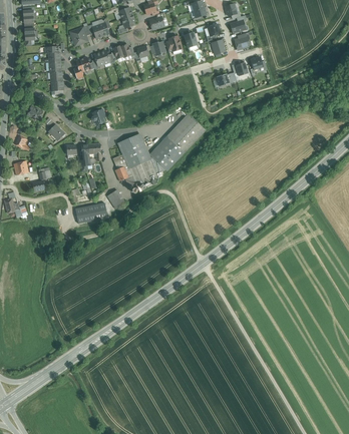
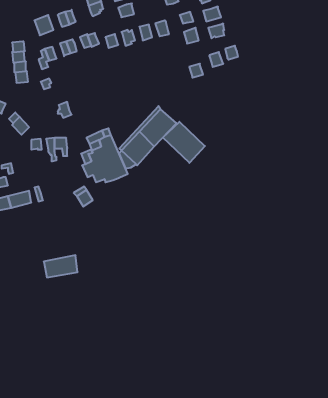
building: none -> [163,122,205,163]
building: [75,201,107,223] -> [44,255,78,277]

